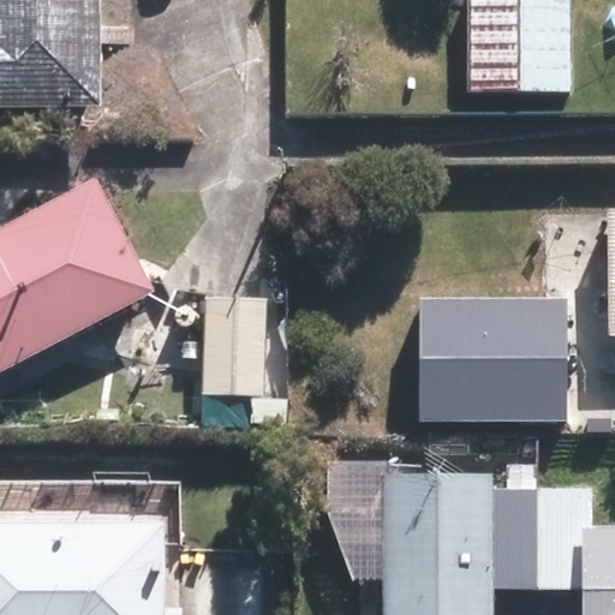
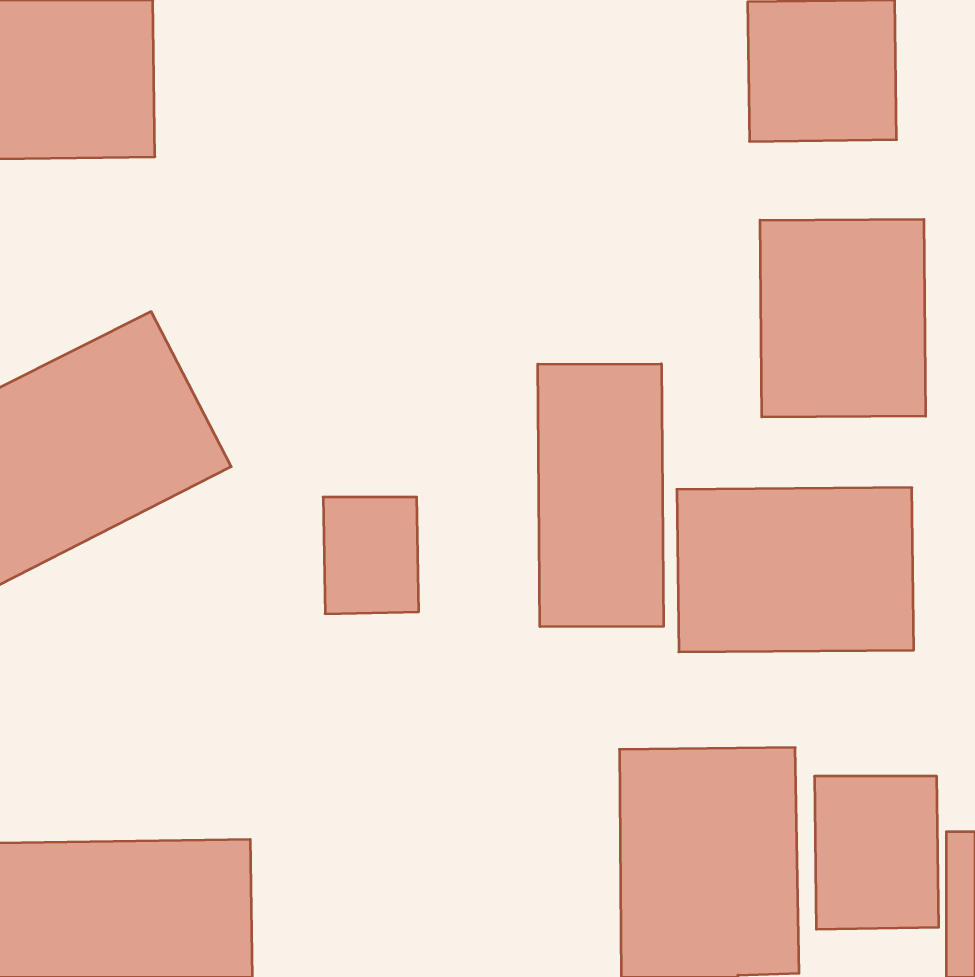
building: none -> [760,219,926,417]
building: none -> [538,364,664,627]

